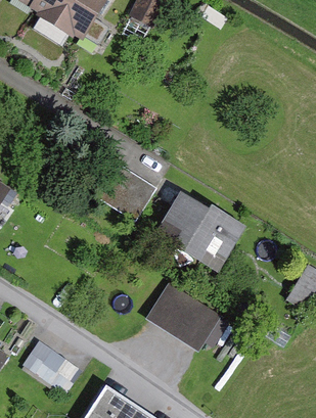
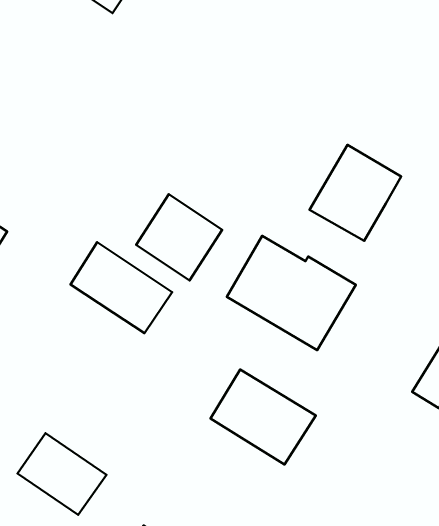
building: none -> [309,145,401,241]
building: none -> [70,242,172,333]

